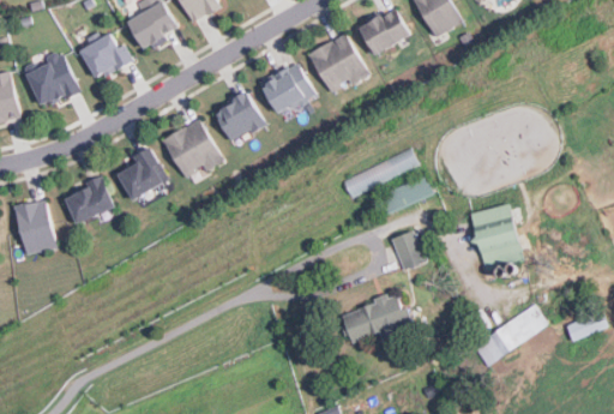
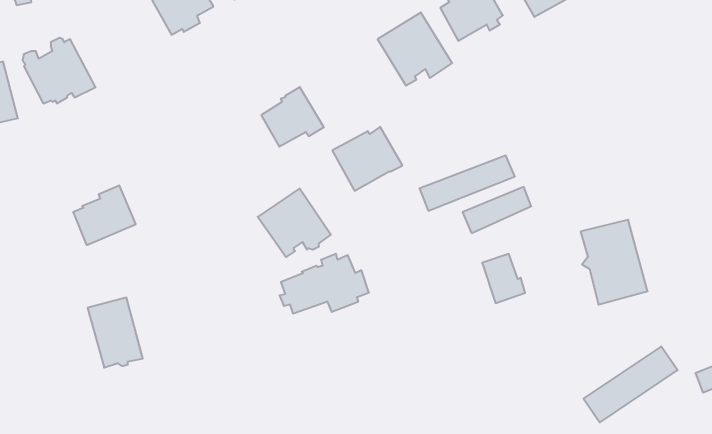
building: [78,34,133,80] -> none
building: [259,64,315,115] -> [332,127,402,191]
building: [164,120,223,175] -> [258,188,331,257]
building: [118,144,168,197] -> none
building: [12,197,56,253] -> [88,298,143,368]
building: [341,292,413,340] -> [279,254,369,313]

